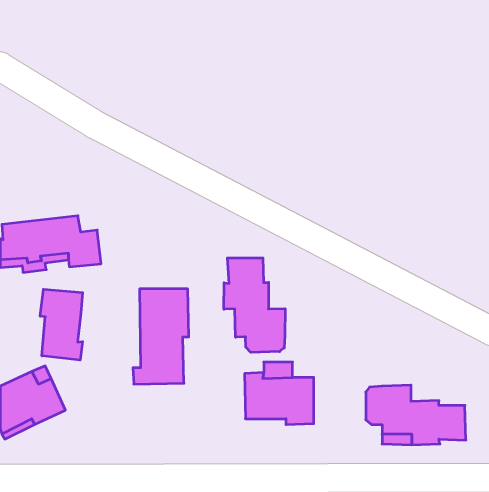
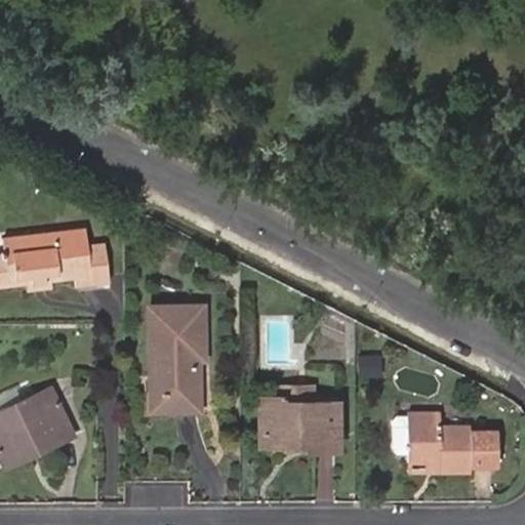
building: [224,258,285,352] -> none
building: [40,289,83,360] -> none

